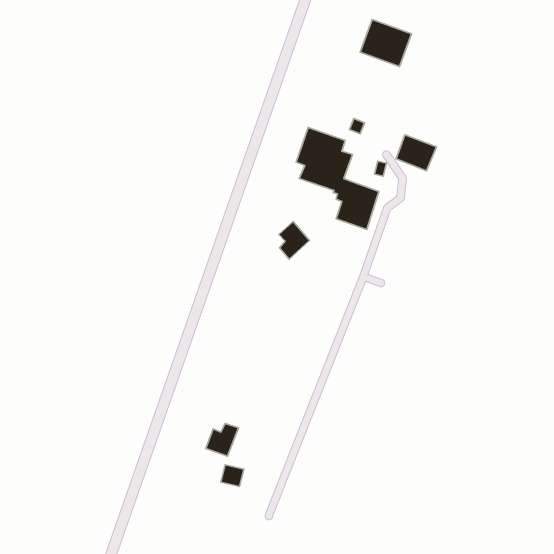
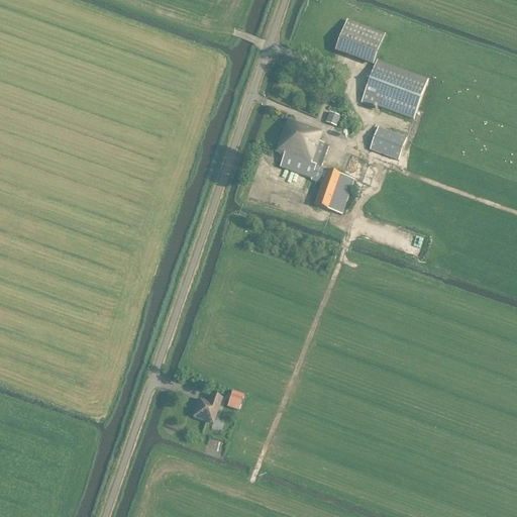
building: none -> [359,59,426,118]
building: [279,221,310,259] -> none

